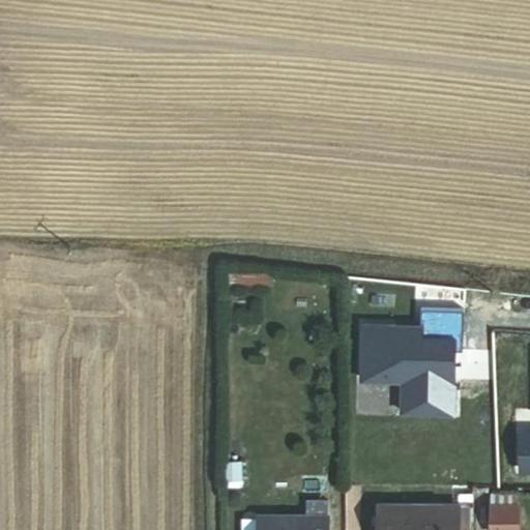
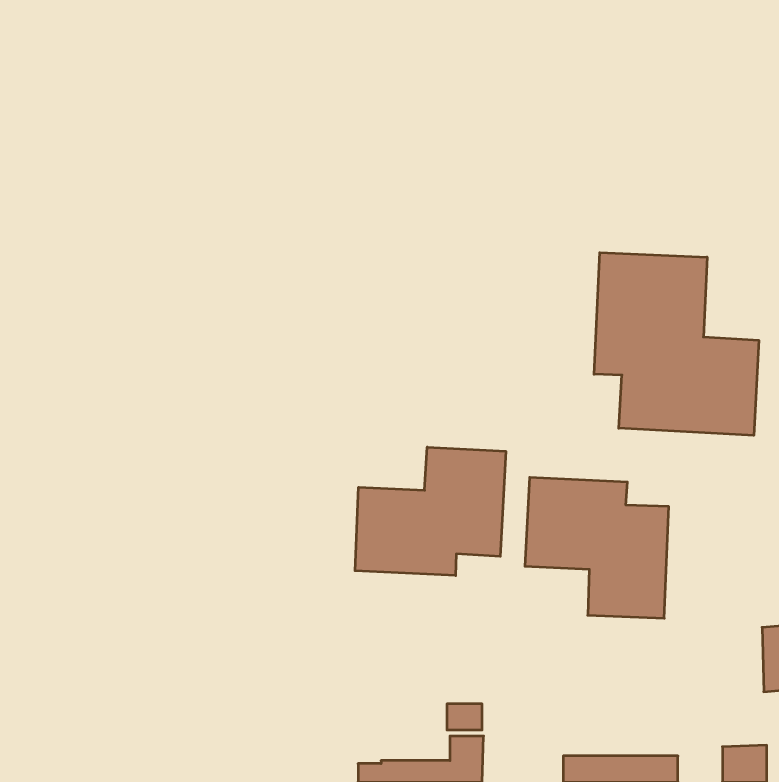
building: none -> [594,253,759,435]
building: none -> [355,447,506,576]

